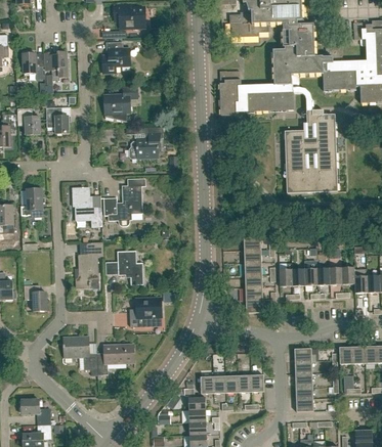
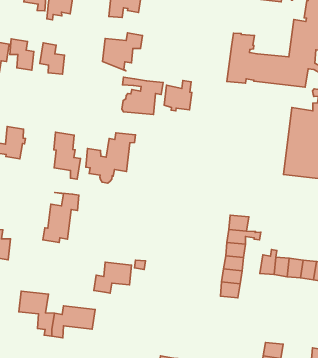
building: none -> [164,81,192,111]
building: [104,251,142,284] -> none

